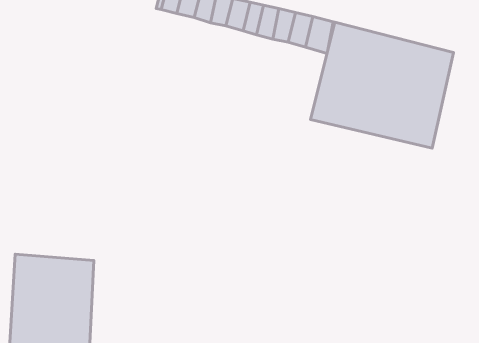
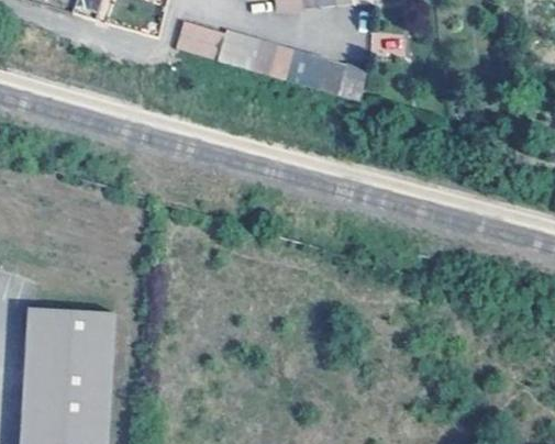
building: [311,22,453,148] -> none

